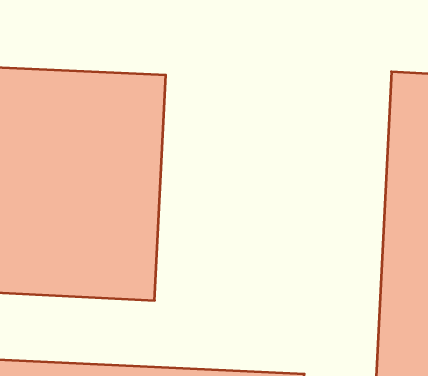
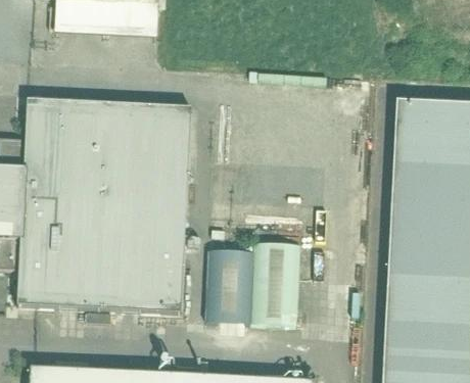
building: none -> [205,241,299,324]

